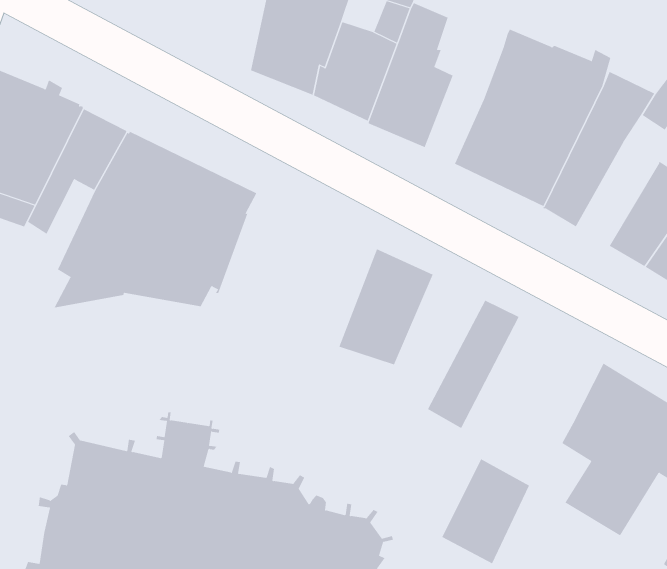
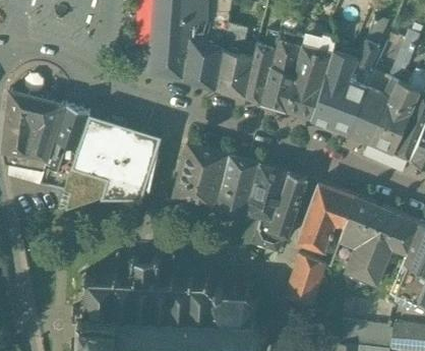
building: none -> [246,32,280,105]
building: none -> [330,80,368,135]
building: none -> [173,143,229,209]
building: none -> [247,164,289,254]
building: none -> [297,183,355,256]

